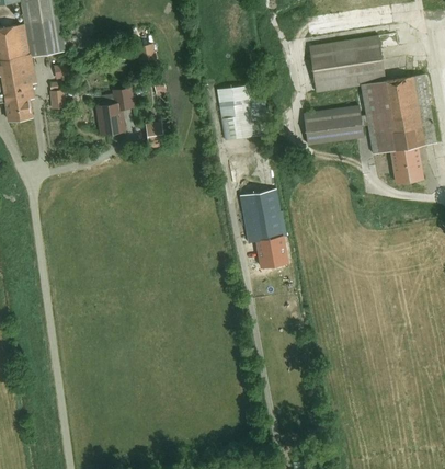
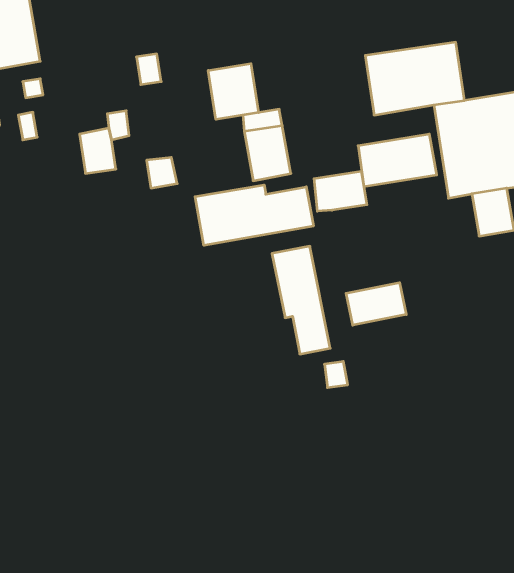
building: none -> [208,64,259,119]
building: none -> [314,171,367,211]
building: none -> [195,185,313,245]
building: none -> [346,283,406,325]

